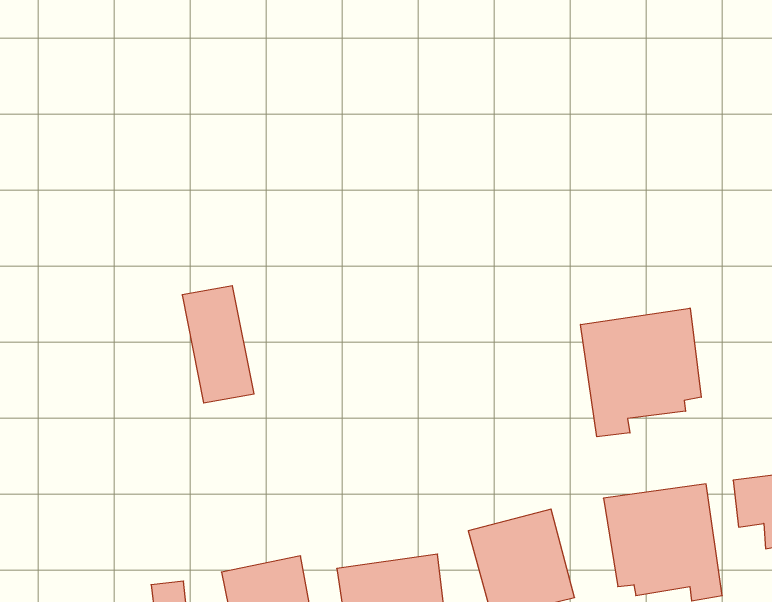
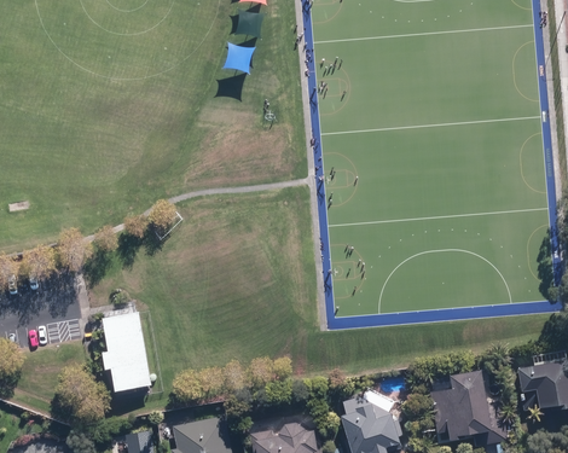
building: [182,286,254,403] -> [103,318,151,396]
building: [581,308,701,437] -> none

